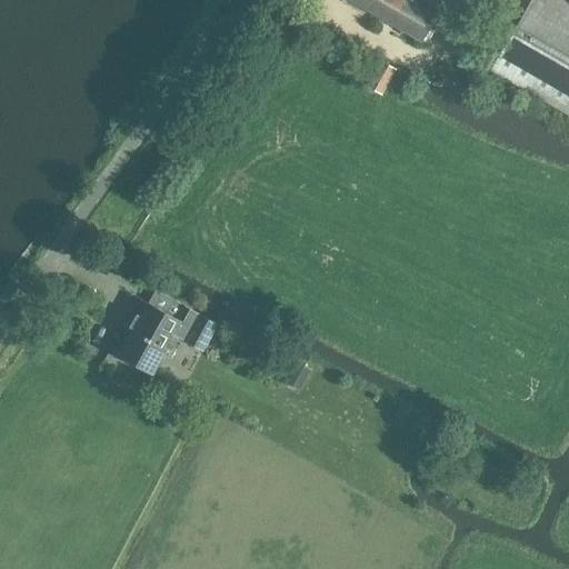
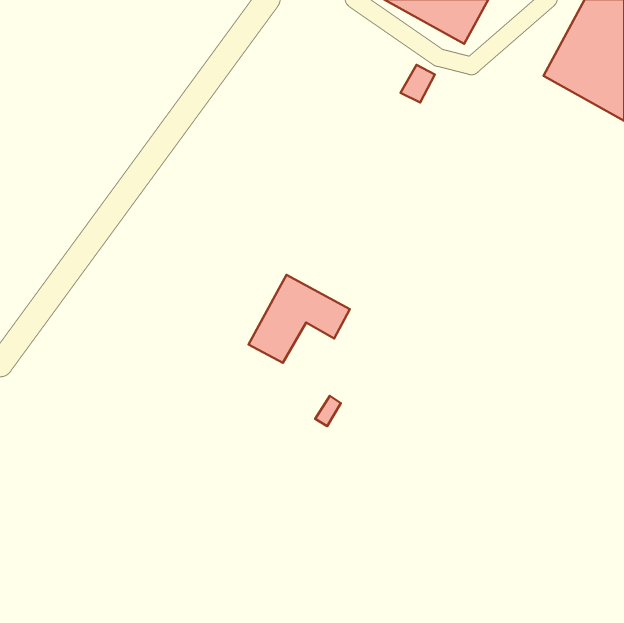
building: [122,291,214,371] -> [249,275,350,363]

